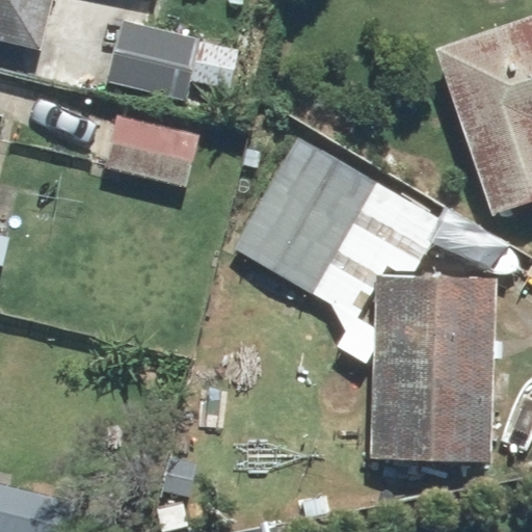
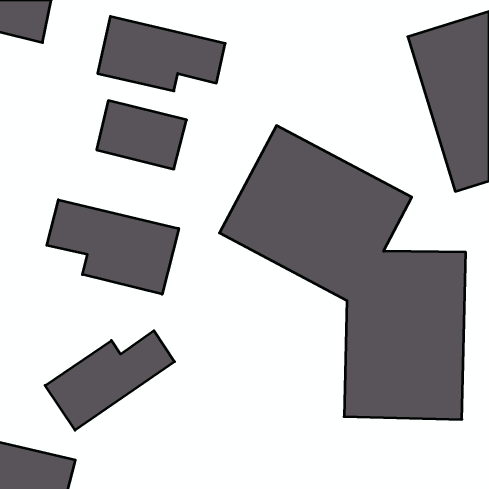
building: none -> [47,200,179,294]
building: none -> [45,331,175,430]

